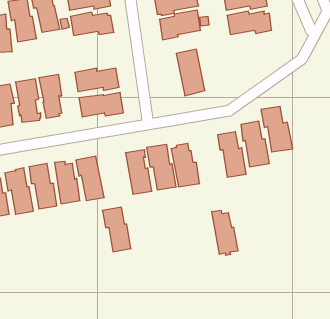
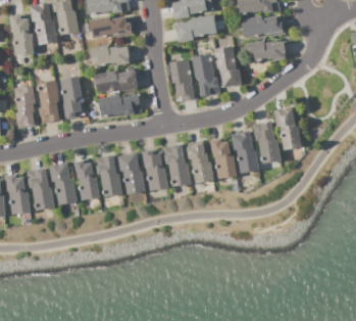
building: none -> [246,39,288,62]
building: none -> [90,44,132,65]
building: none -> [214,44,243,88]
building: none -> [169,58,198,102]
building: [102,207,131,252] -> [118,151,146,194]
building: [212,211,238,255] -> [211,138,237,181]

